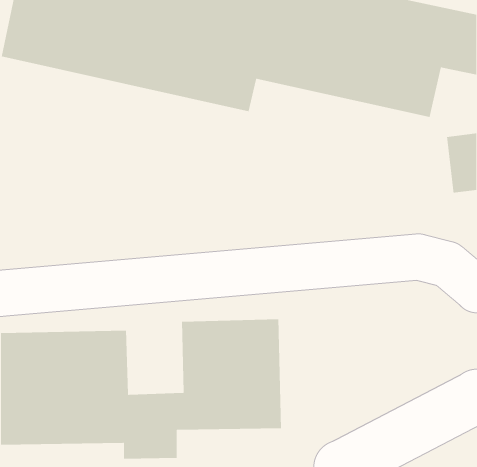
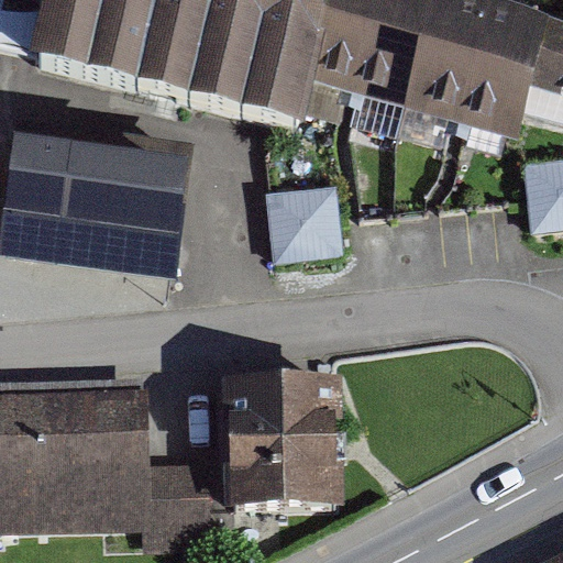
building: none -> [9,131,185,265]
building: none -> [271,184,342,256]

